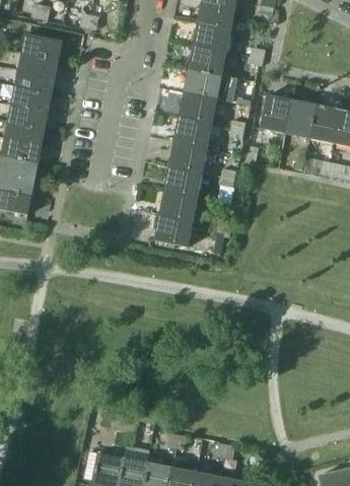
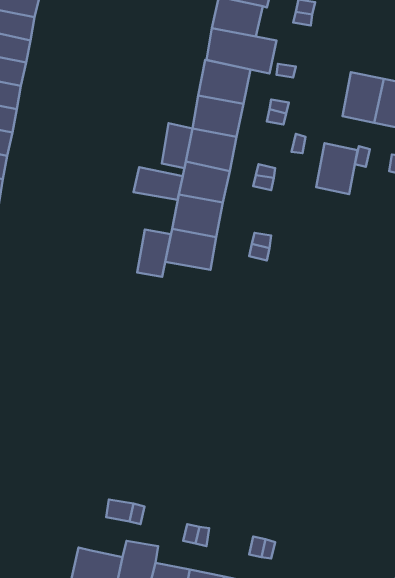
building: [261,95,291,133] -> [316,143,357,194]
building: none -> [162,123,192,168]
building: none -> [134,167,183,200]
building: none -> [137,229,171,277]

